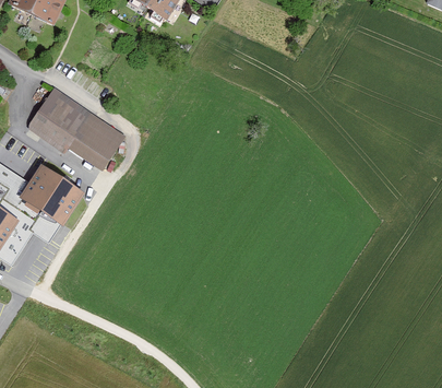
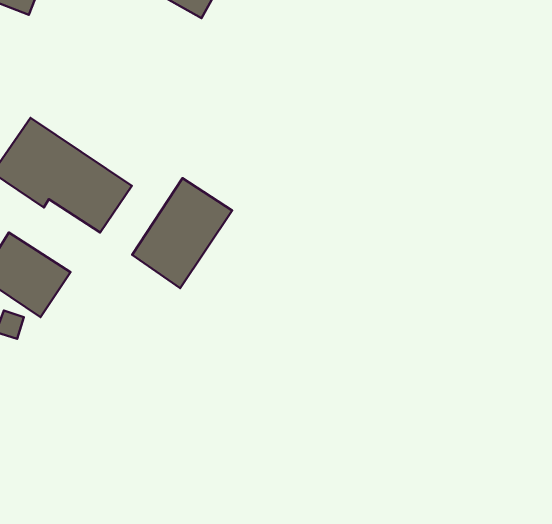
building: none -> [132,178,232,288]

